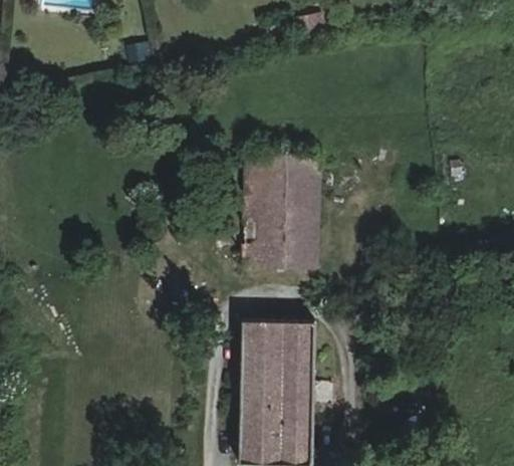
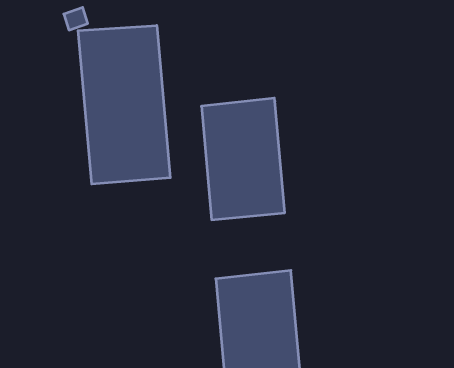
building: none -> [78,25,170,184]

